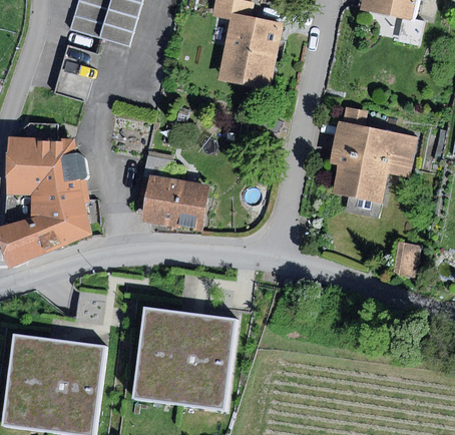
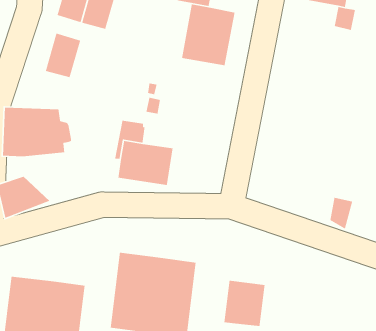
building: [329,106,418,201] -> none
building: [29,189,91,247] -> none
building: none -> [223,280,265,327]

